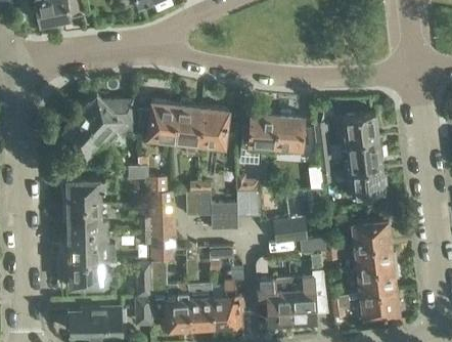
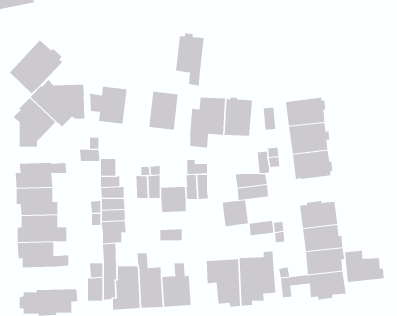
building: none -> [9,40,63,94]
building: [173,102,202,157] -> [175,33,204,86]
building: none -> [345,250,384,283]

